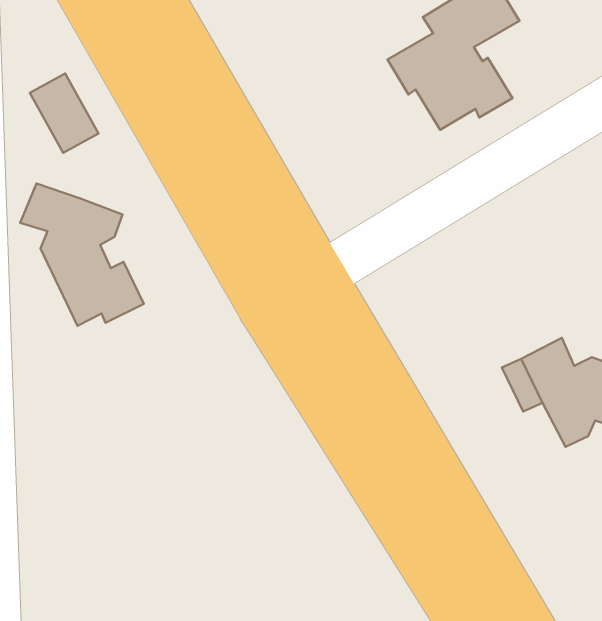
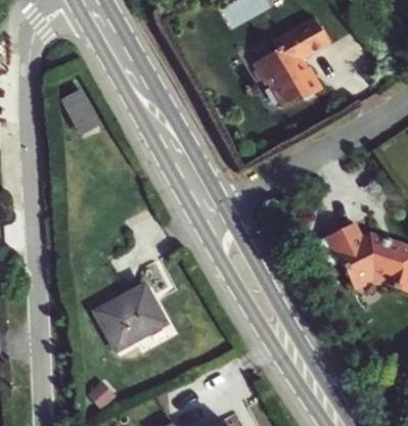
building: [20,183,144,326] -> none
building: none -> [92,281,164,346]

